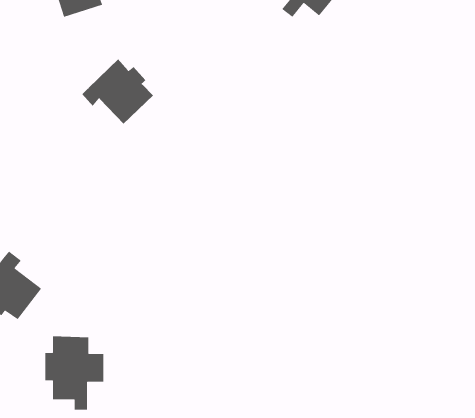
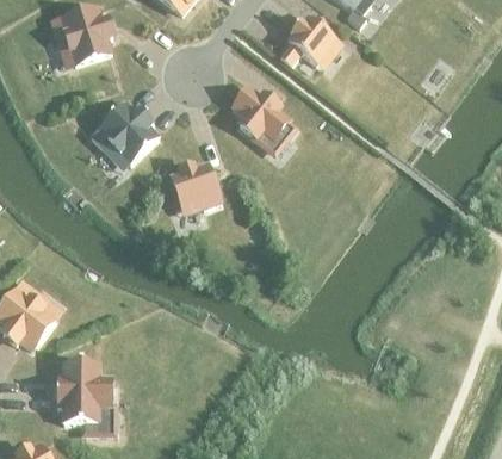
building: none -> [234,88,295,137]
building: none -> [172,165,219,209]

